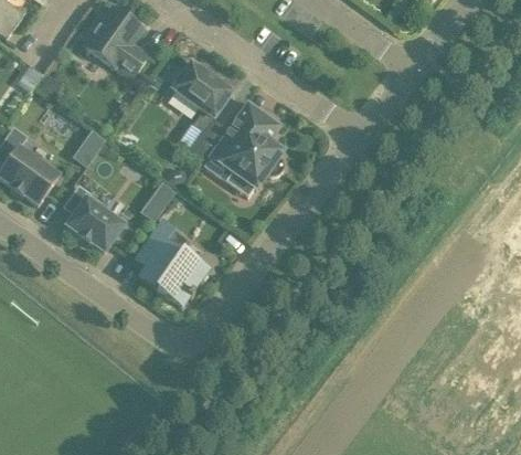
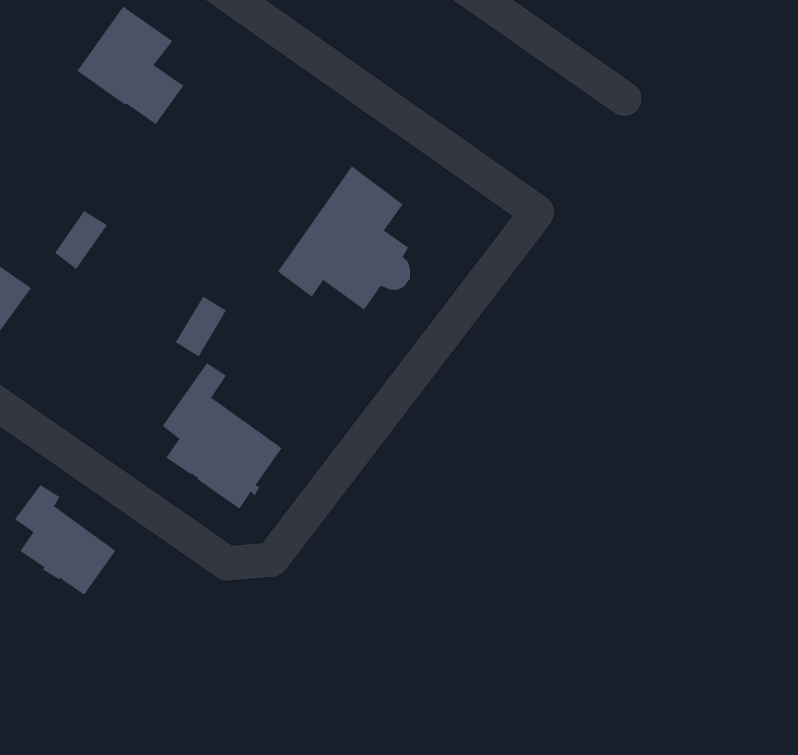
building: [173,62,233,158] -> none
building: [64,184,125,251] -> [14,484,116,595]

